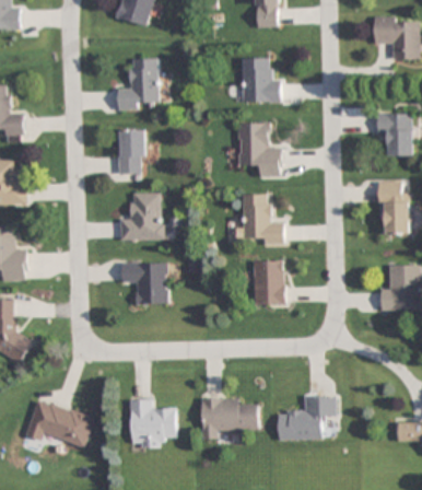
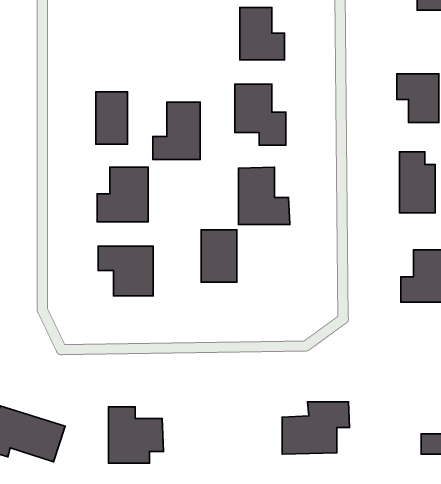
building: [117,58,157,107] -> [153,102,200,160]
building: [253,259,283,304] -> [201,230,237,282]
building: [199,397,257,440] -> none

